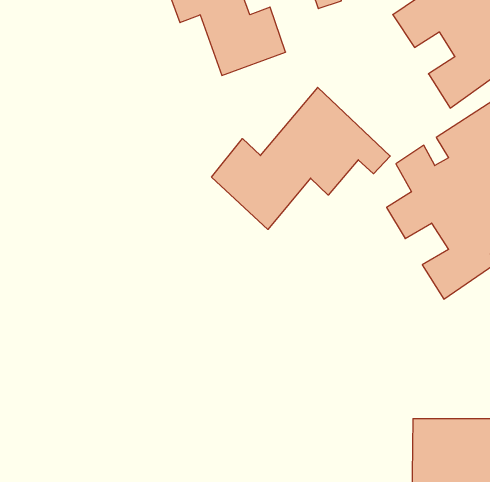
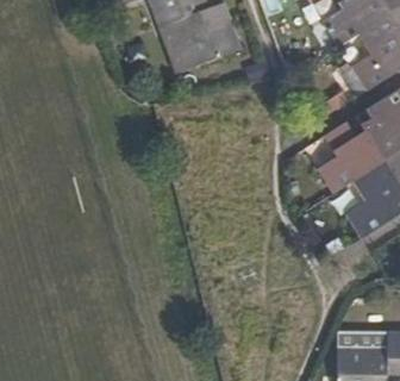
building: [212,87,390,229] -> none

